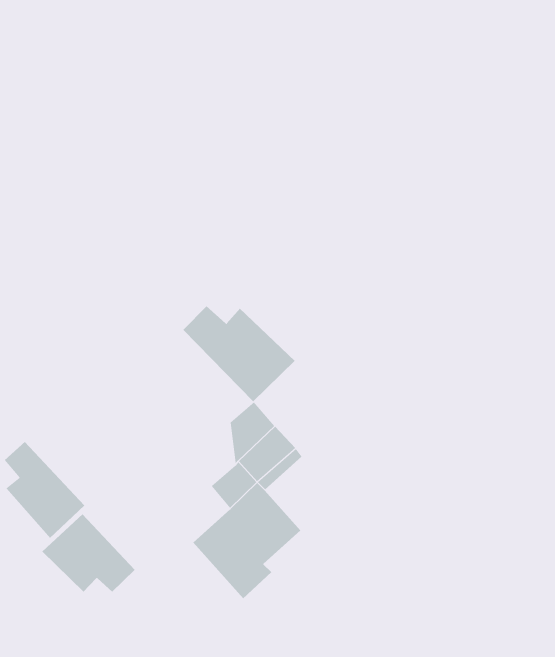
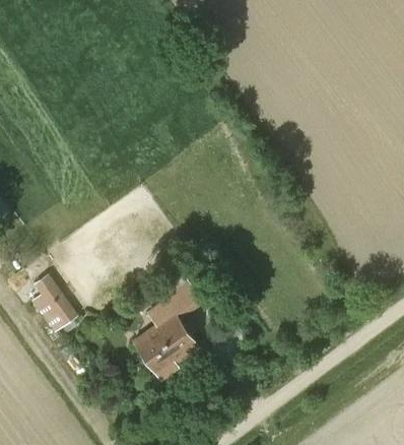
building: [182,305,295,402] -> none
building: [42,513,135,593] -> none

